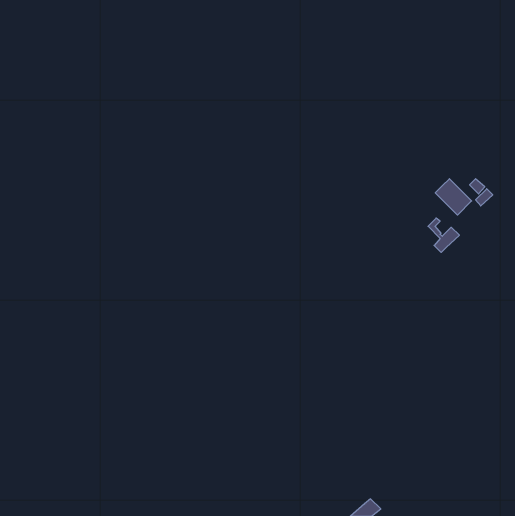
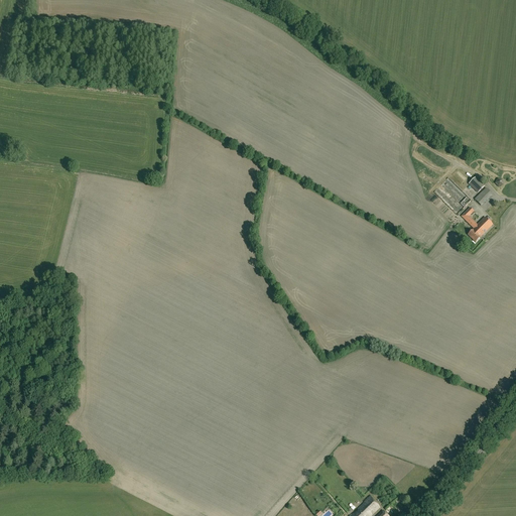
building: [428,218,459,252] -> [463,209,494,243]

